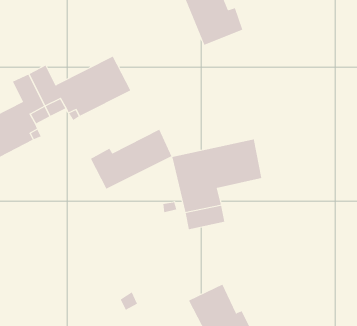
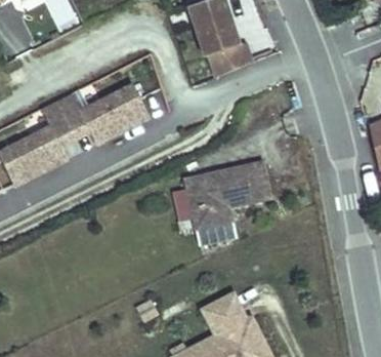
building: [90,129,172,190] -> none

